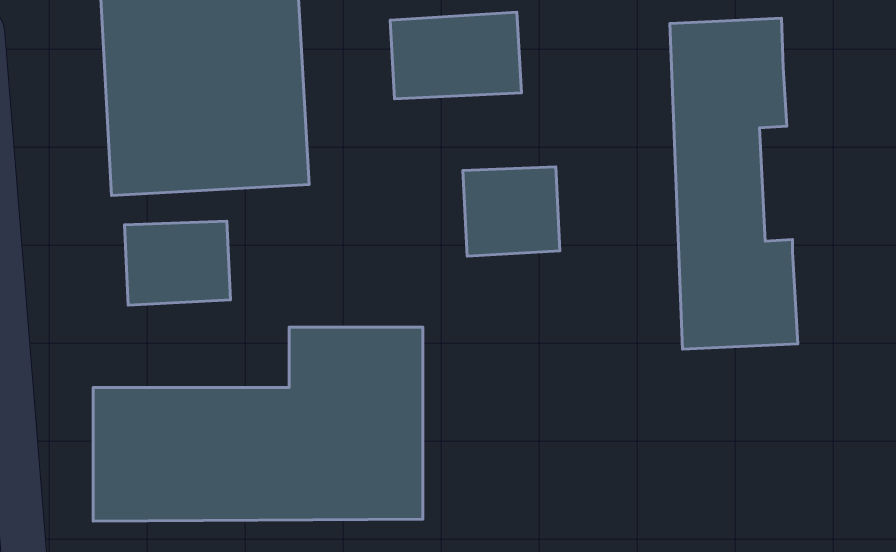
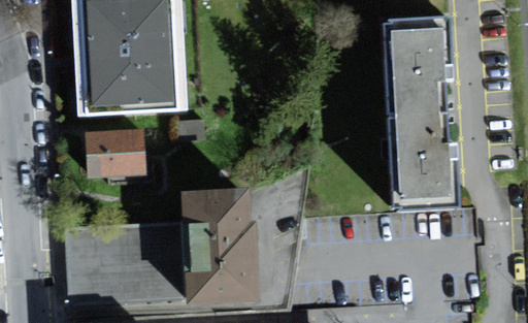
building: [390,12,521,99] -> none
building: [463,167,560,256] -> none

